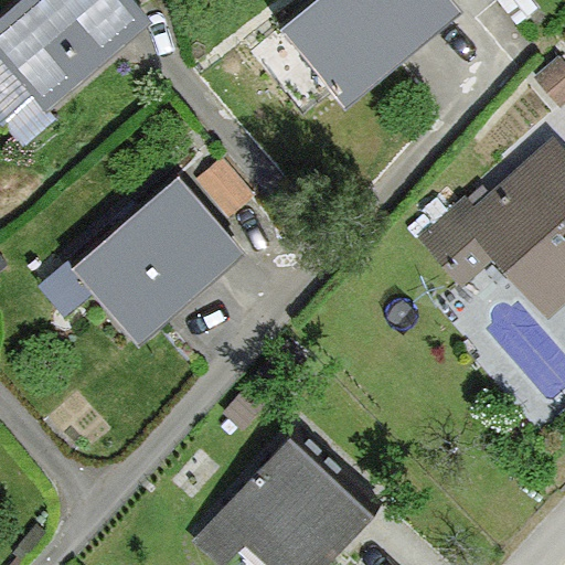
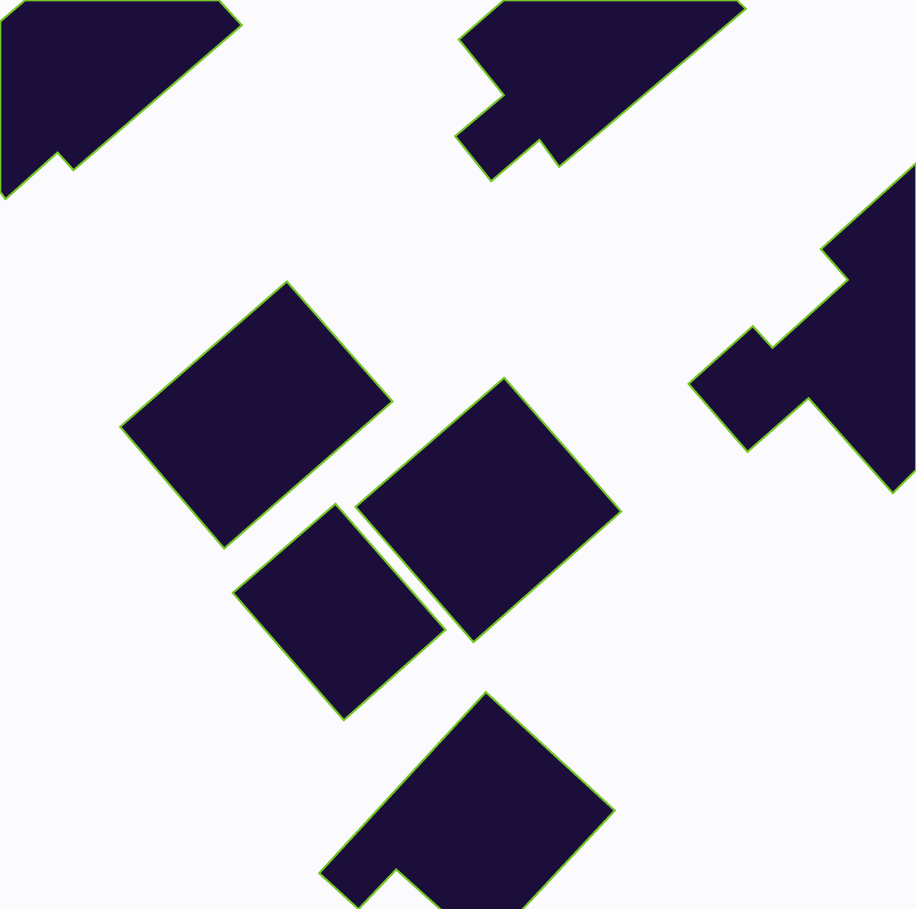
building: none -> [355,378,621,642]
building: none -> [233,504,445,720]

